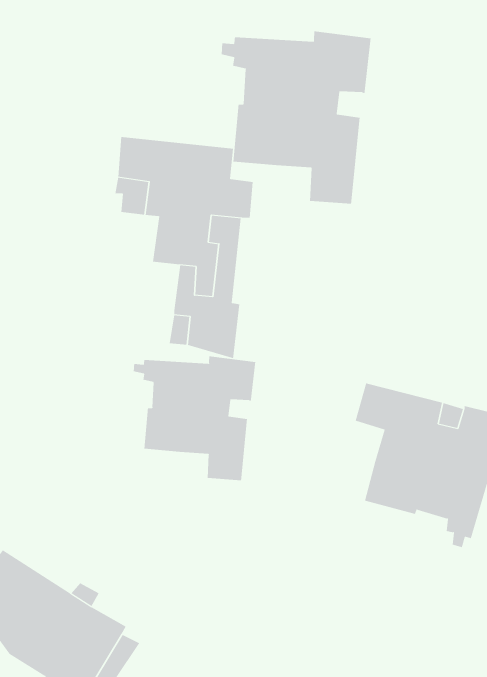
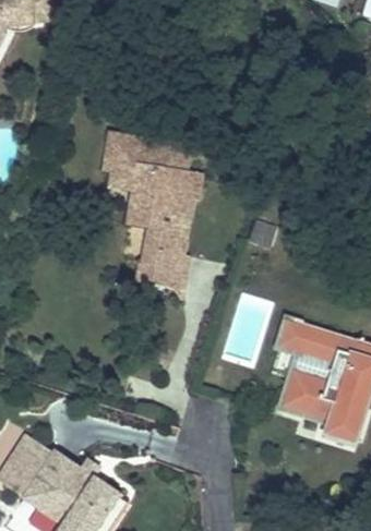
building: [221,31,371,205] -> none
building: [133,356,256,481] -> none

